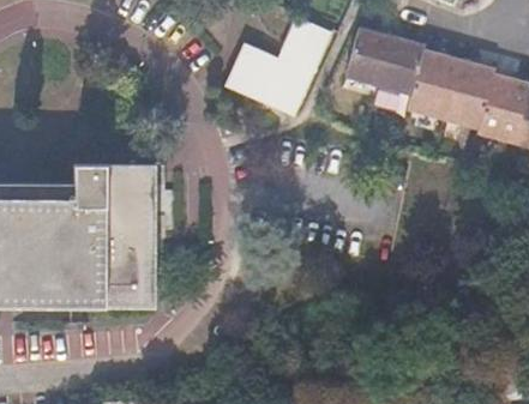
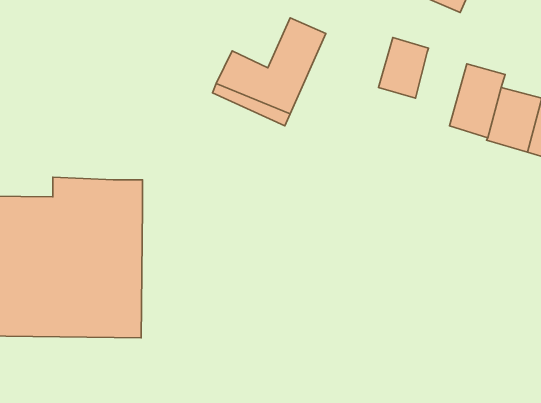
building: [343,26,389,82] -> none
building: [404,49,456,116] -> none

